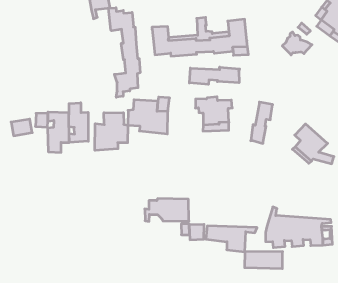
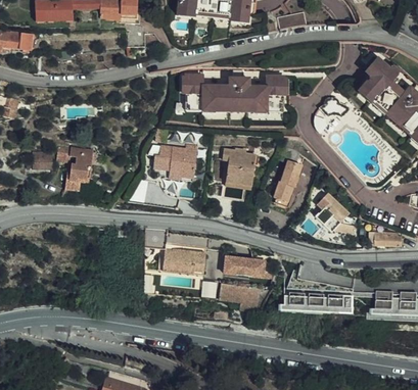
building: [109,8,140,97] -> none
building: [189,67,240,84] -> none
building: [69,103,88,142] -> none
building: [95,113,128,150] -> none
building: [245,252,283,269] -> [224,255,265,277]

